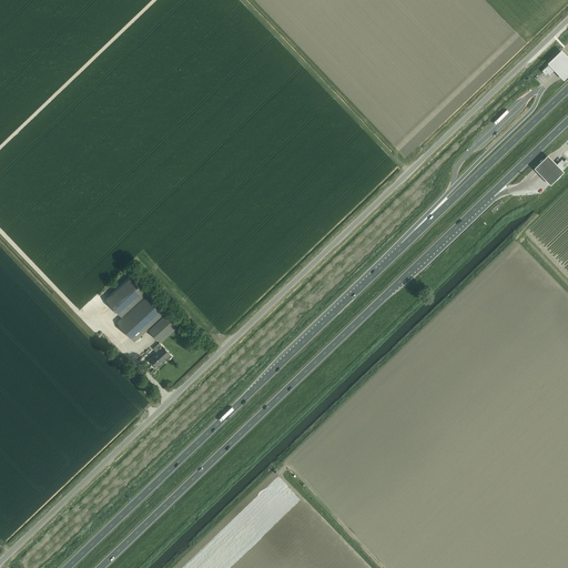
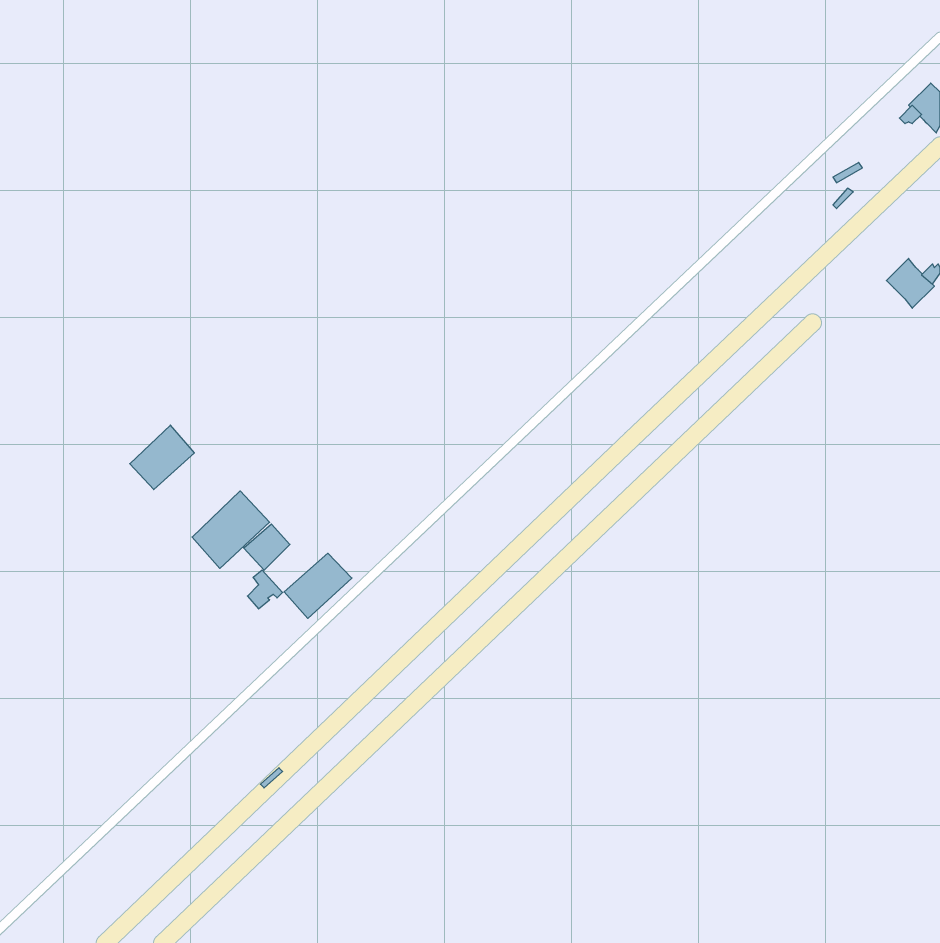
building: [104,277,143,316] -> [130,425,194,490]
building: none -> [284,553,352,618]

